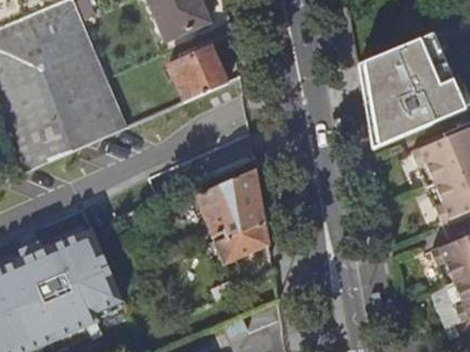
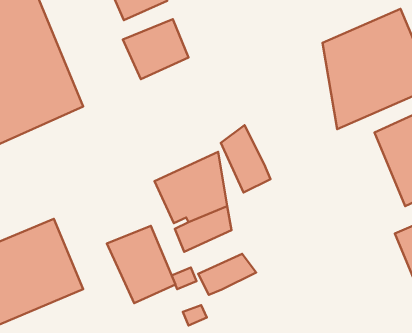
building: none -> [221,125,270,193]
building: none -> [107,226,175,303]
building: none -> [198,254,256,295]

